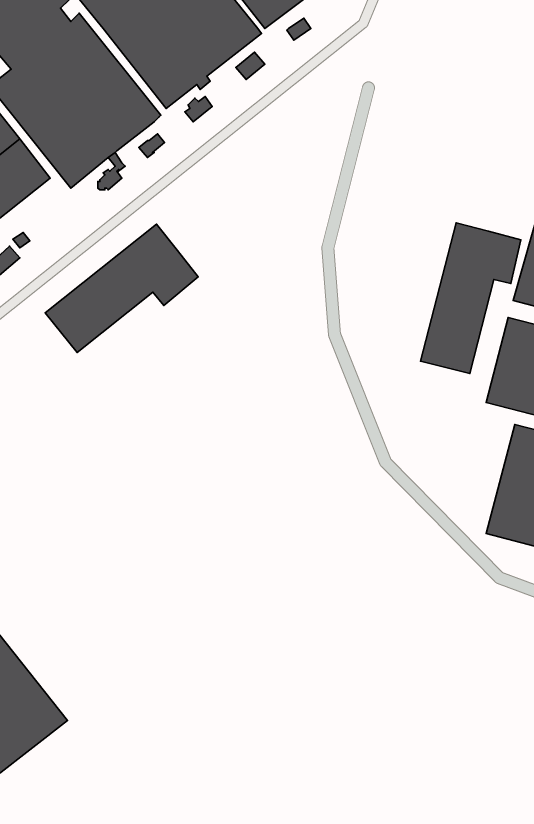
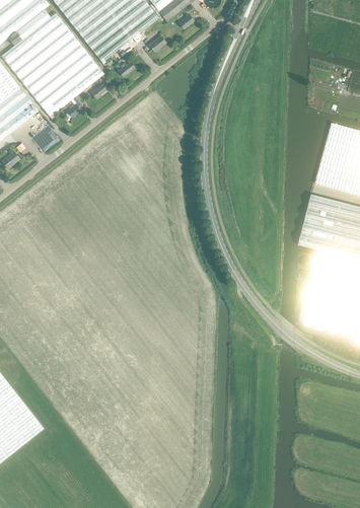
building: [420,223,521,374] -> none
building: [45,224,198,352] -> none

